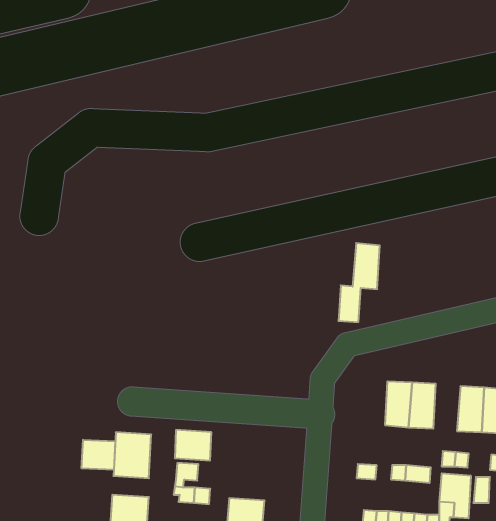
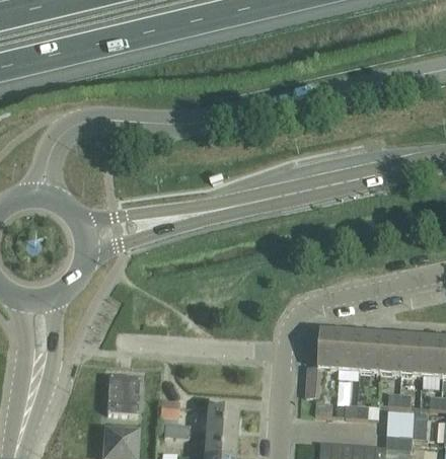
building: [338,243,380,322] -> [306,328,342,396]
building: none -> [381,332,404,373]
building: [175,430,211,461] -> [206,406,237,433]
building: [82,440,115,470] -> none

